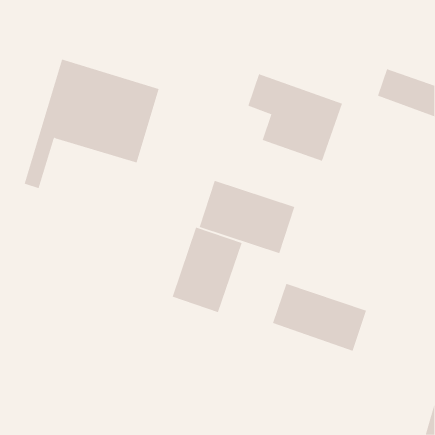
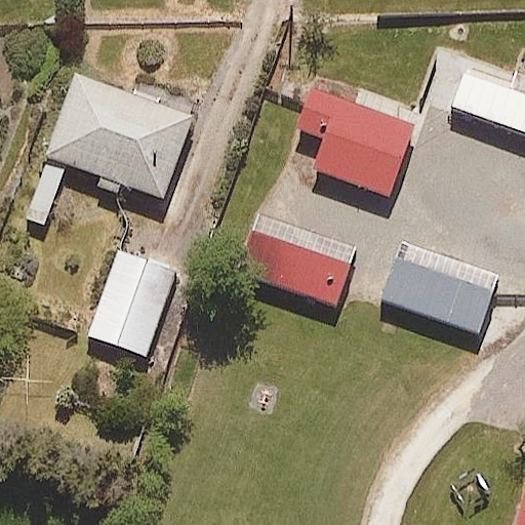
building: [172,227,242,313] -> [89,250,174,354]
building: [272,283,367,352] -> [380,250,494,332]

